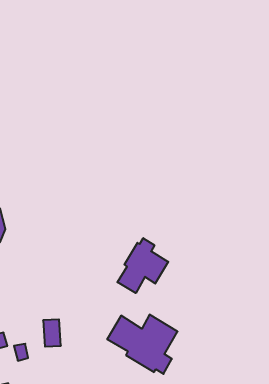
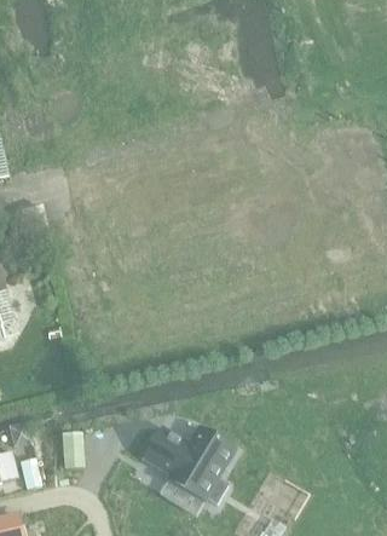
building: [117,238,168,293] -> none

